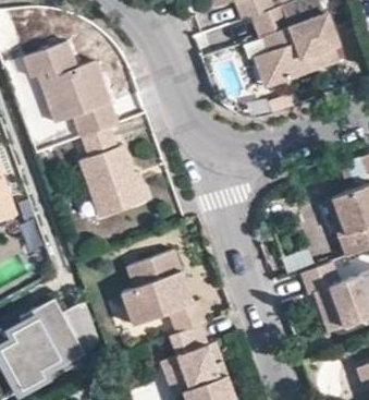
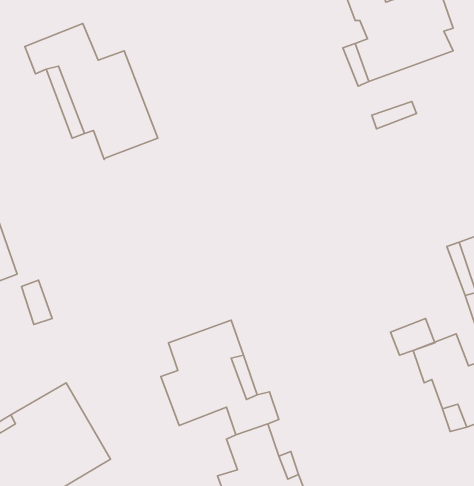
building: [81,125,146,216] -> none

